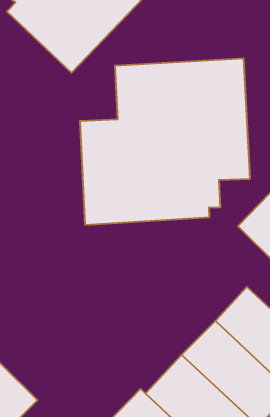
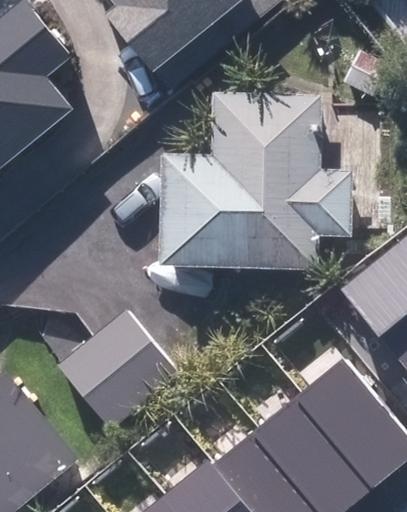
building: none -> [56,308,185,436]

